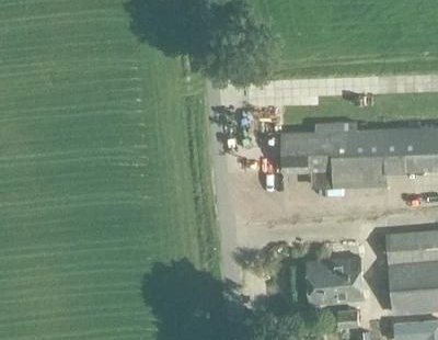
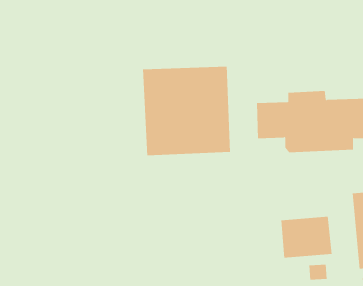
building: none -> [142,66,230,156]

